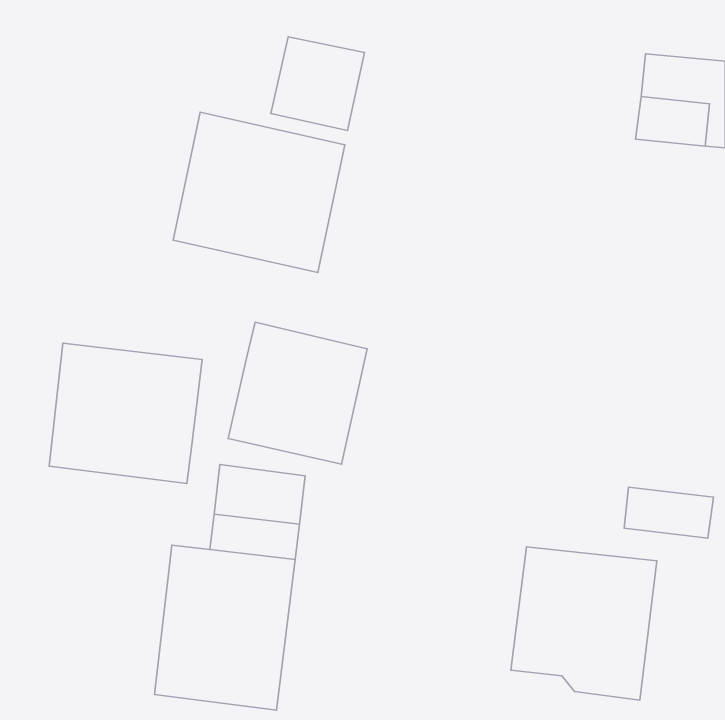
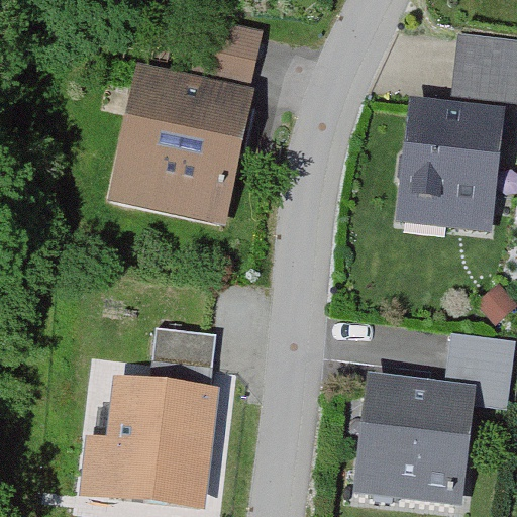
building: none -> [401,113,500,210]
building: [228,322,367,464] -> none
building: [49,343,202,483] -> none

